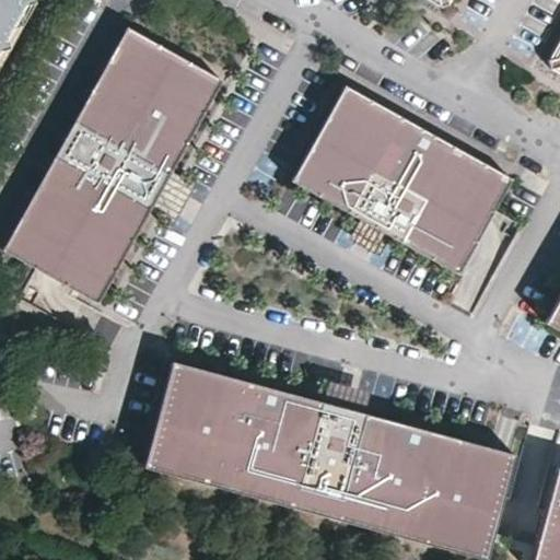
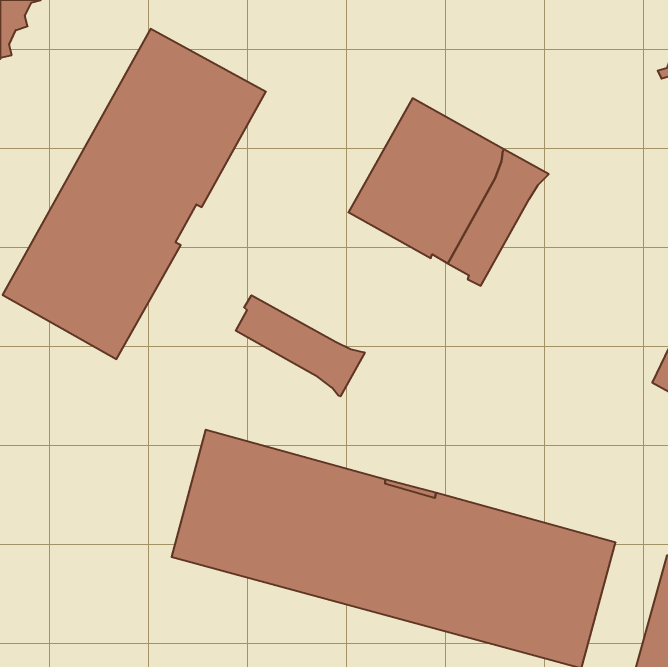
building: [402,148,512,273] -> none
building: none -> [236,295,365,396]

